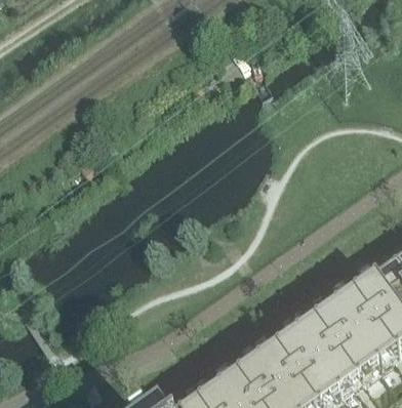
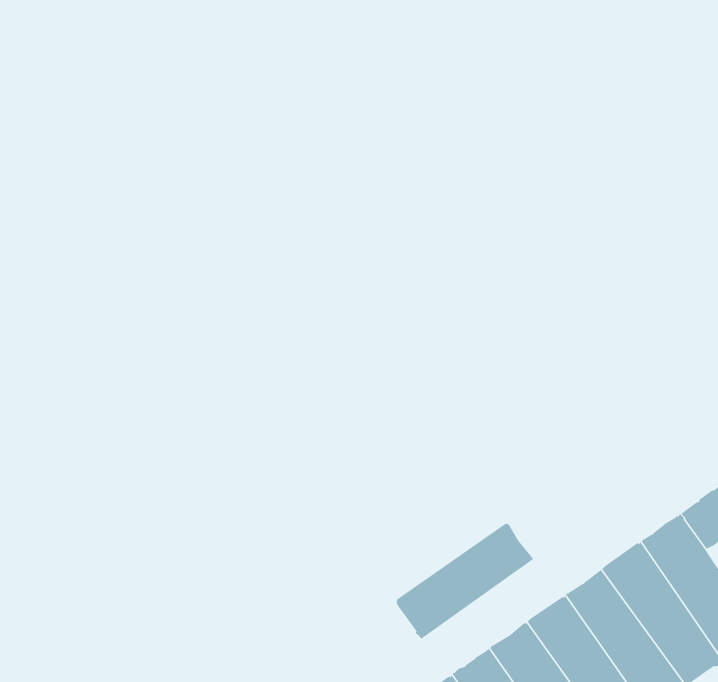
building: none -> [395,523,533,640]

